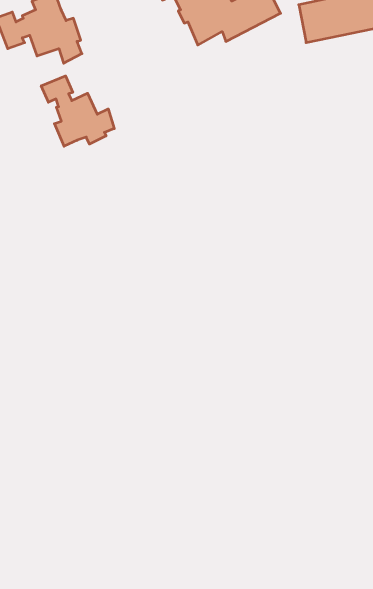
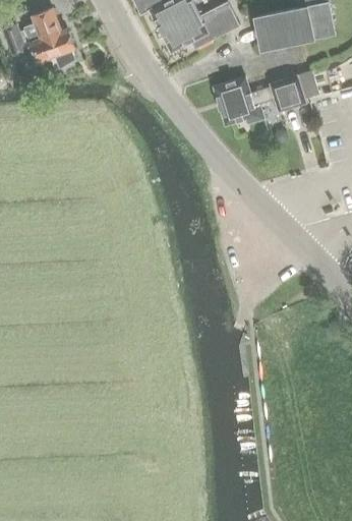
building: none -> [214,74,306,124]
building: [41,76,114,146] -> none

